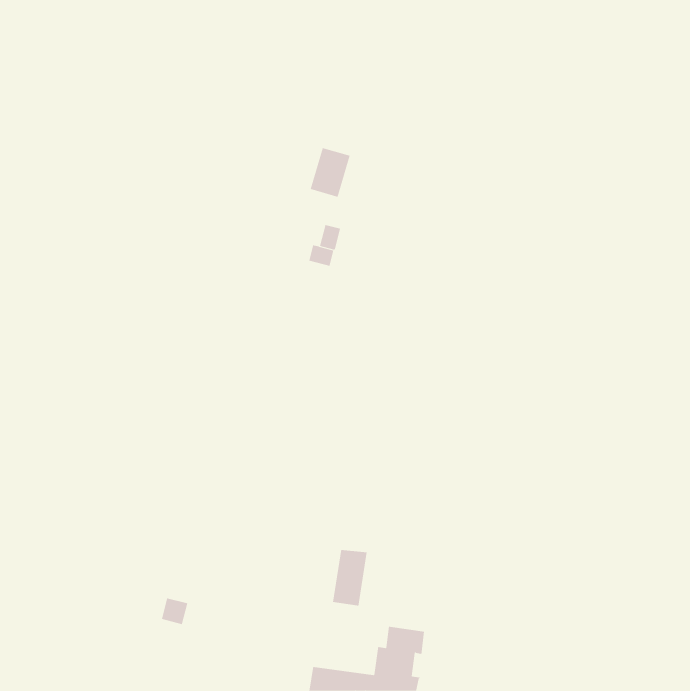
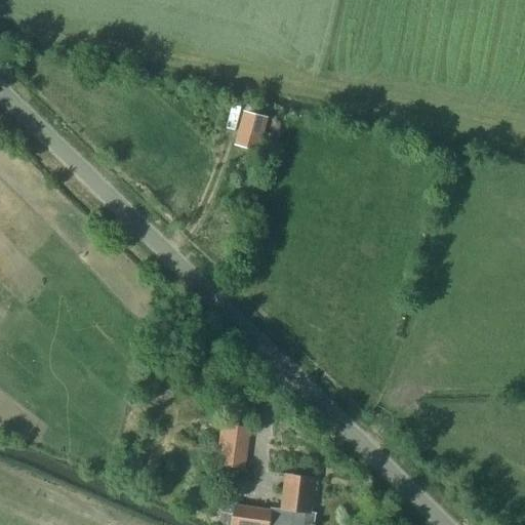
building: [332,549,367,606] -> [218,425,245,468]

